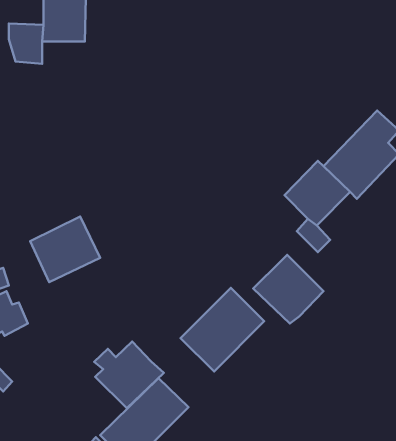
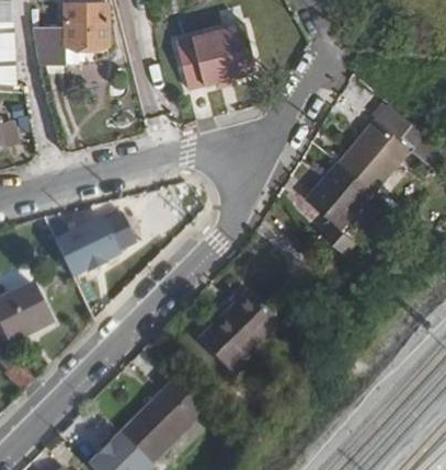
building: none -> [160,31,240,93]
building: [253,255,323,324] -> none
building: [94,341,164,408] -> none

